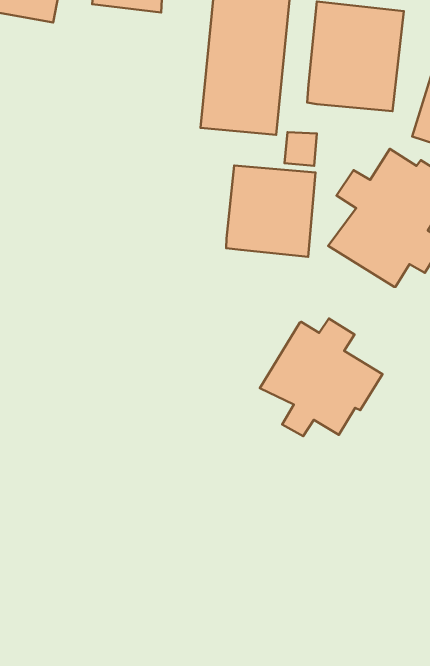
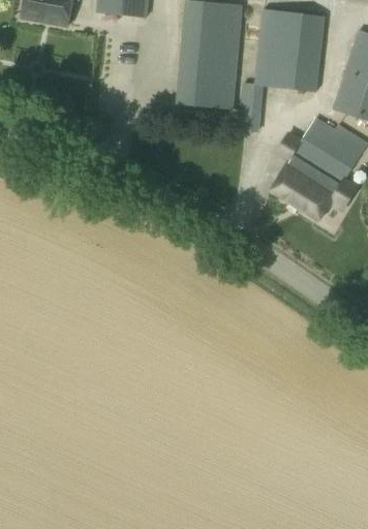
building: [226,166,316,257] -> none
building: [260,318,382,436] -> none

